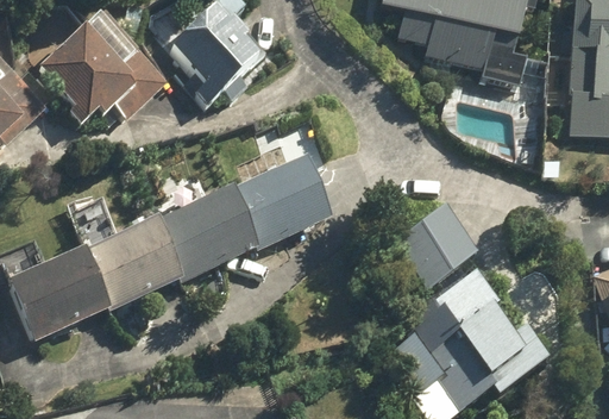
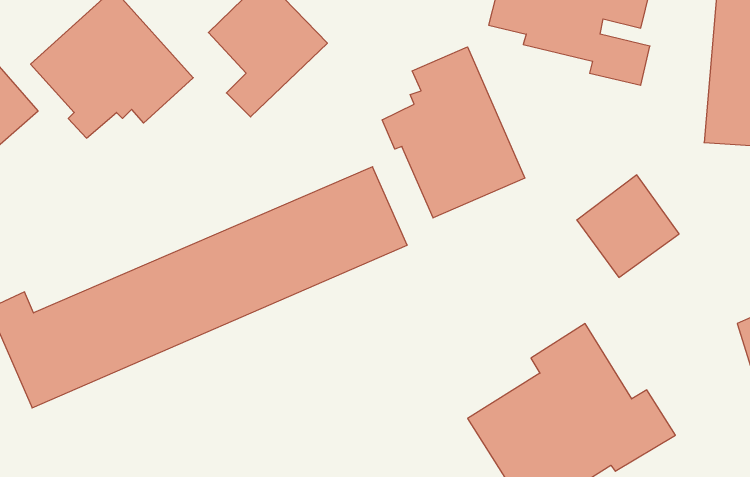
building: none -> [382,47,525,218]
building: [397,205,478,286] -> [577,175,679,277]

